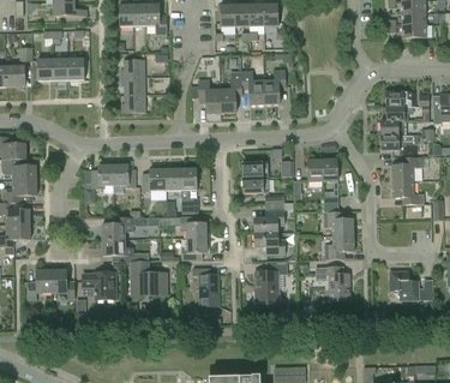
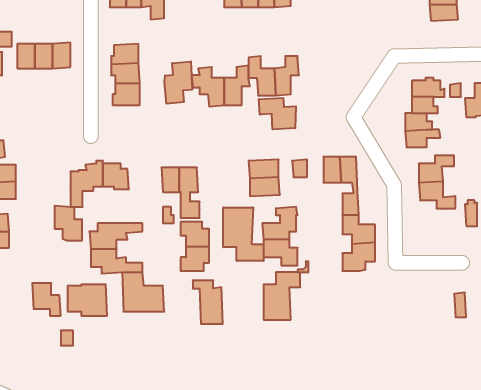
building: none -> [164,61,192,104]
building: none -> [259,98,296,129]
building: [140,168,166,191] -> none
building: none -> [55,206,82,241]
building: none -> [223,207,264,261]
building: [314,267,349,300] -> none
building: [28,270,52,300] -> none
building: [389,271,418,300] -> none

